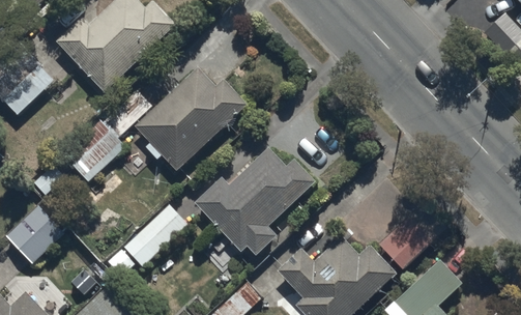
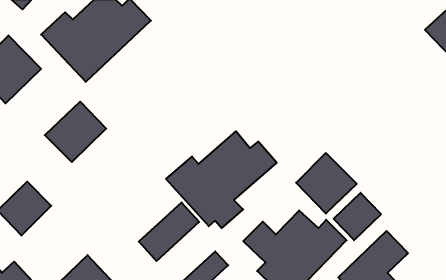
building: [133,65,245,171] -> none
building: none -> [296,153,357,214]
building: [120,203,187,268] -> [139,202,199,261]

